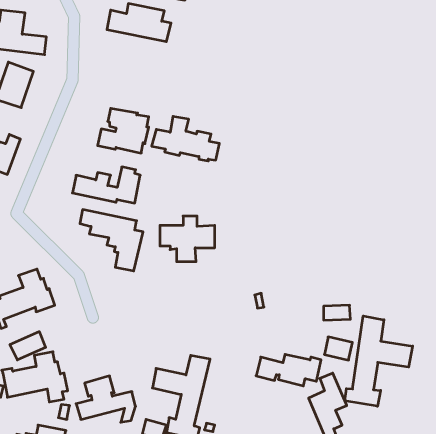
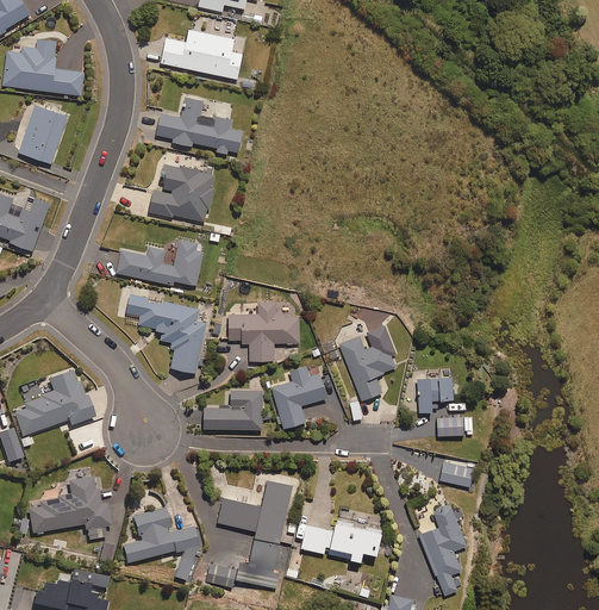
building: [152,116,219,161] -> [156,97,243,154]
building: none -> [338,336,397,402]
building: none -> [272,367,327,429]
building: none -> [417,378,454,412]
building: none -> [204,391,262,429]
building: [345,316,413,406] -> none
building: [10,332,46,360] -> none
building: [256,354,321,386] -> [300,521,383,561]

